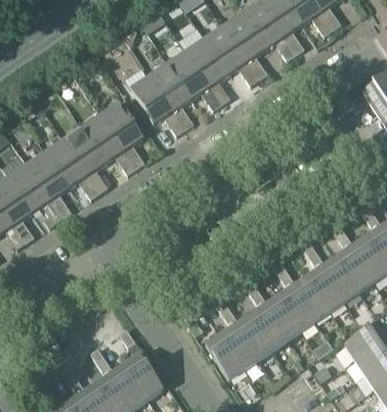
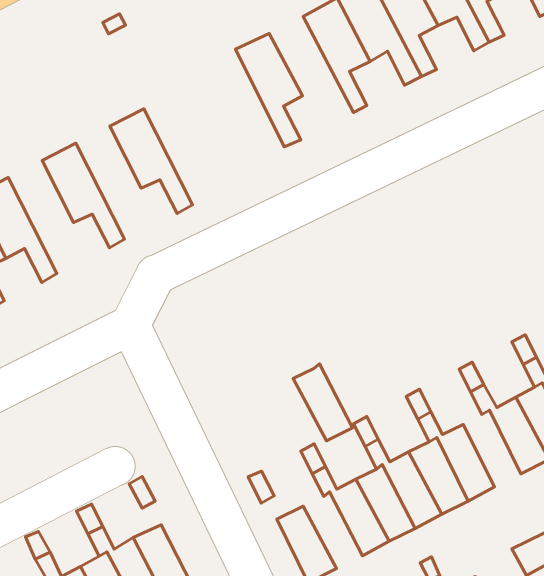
building: [168,51,222,109] -> none
building: [130,75,184,134] -> none
building: [100,102,144,168] -> none
building: [63,128,108,192] -> none
building: [27,152,71,217] -> none
building: [307,266,344,310] -> none
building: [220,324,258,368] -> [293,364,353,441]

